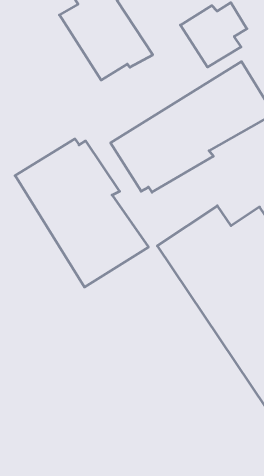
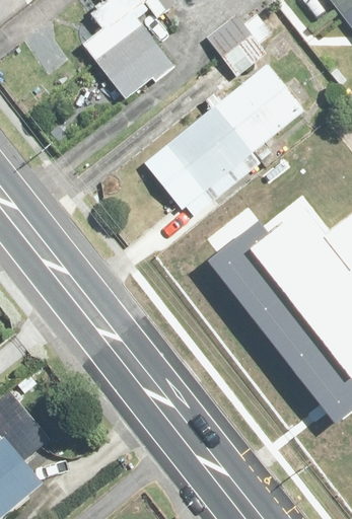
building: [15,139,148,287] -> none

